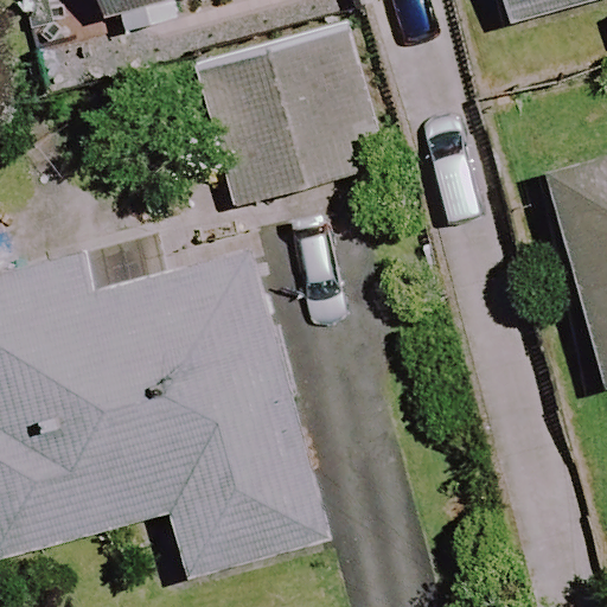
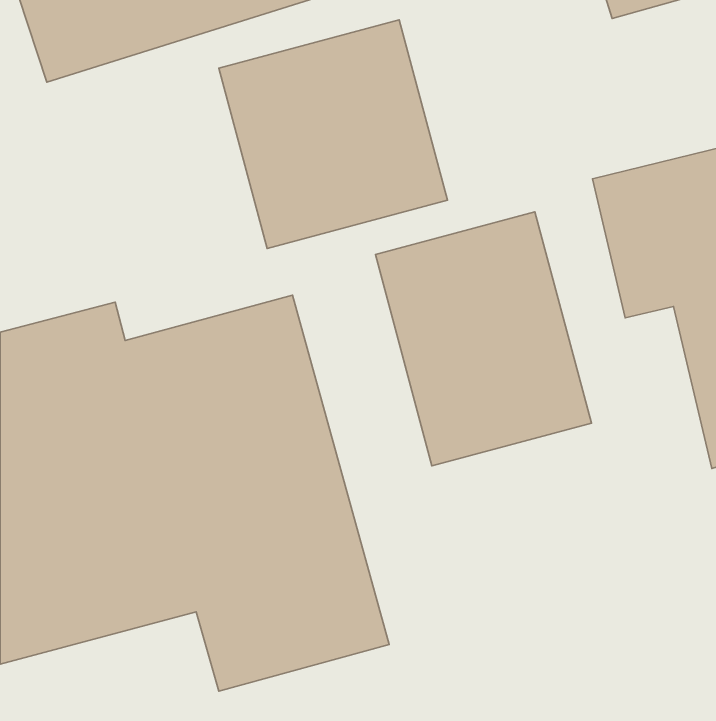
building: none -> [375,212,591,466]

